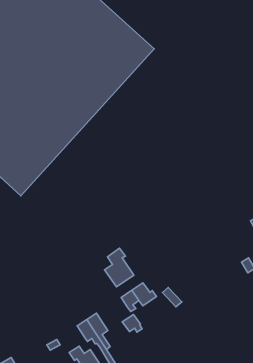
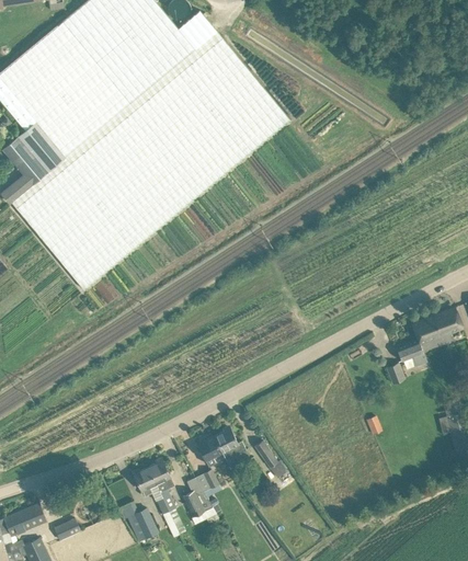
building: [105,248,134,287] -> none
building: none -> [182,477,213,524]

